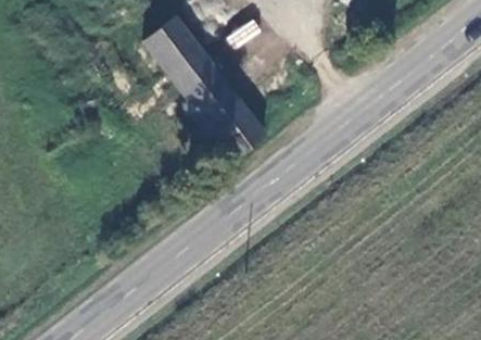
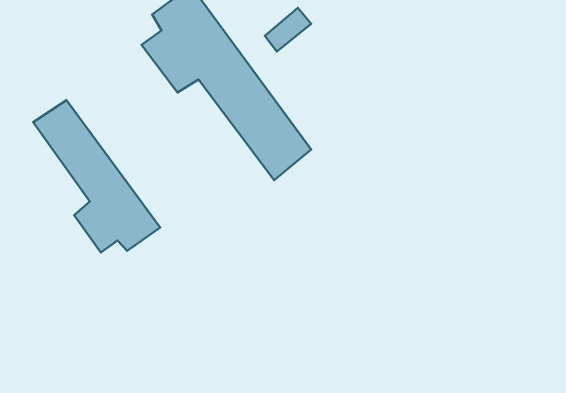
building: none -> [33,100,160,253]

